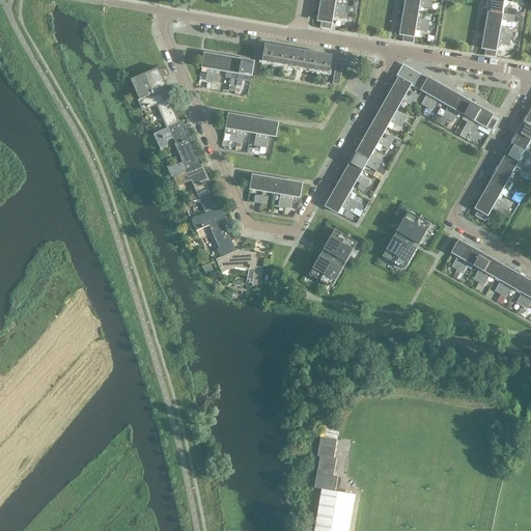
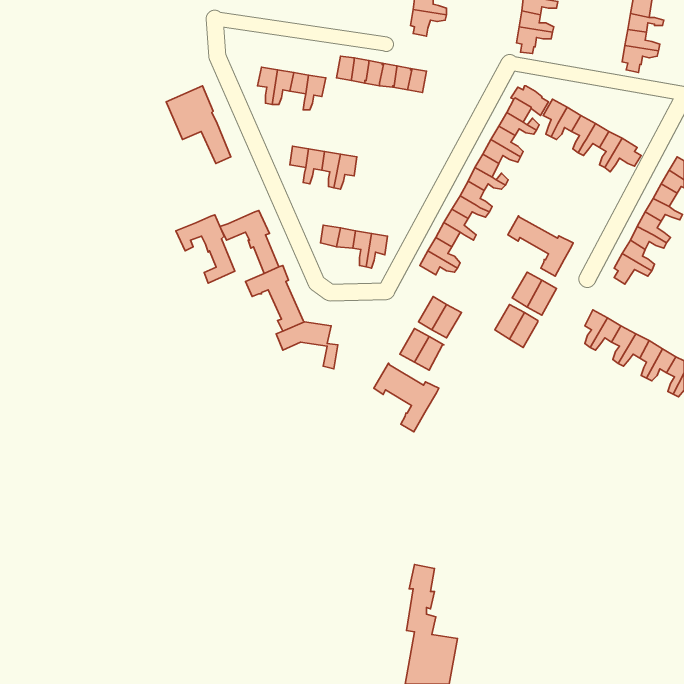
building: [151,120,197,173] -> [176,215,235,283]
building: none -> [508,216,573,276]
building: none -> [374,363,439,432]

